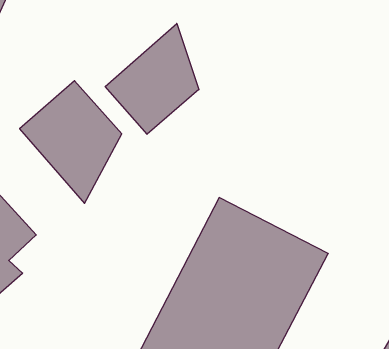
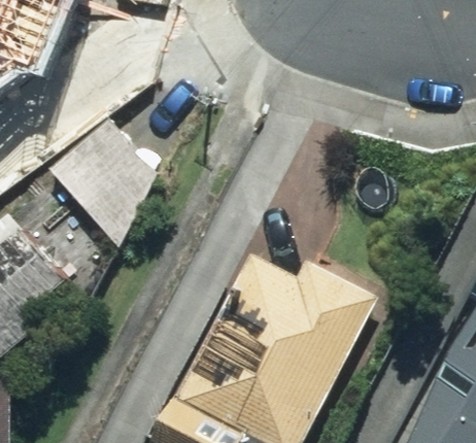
building: [105,23,199,134] -> none

